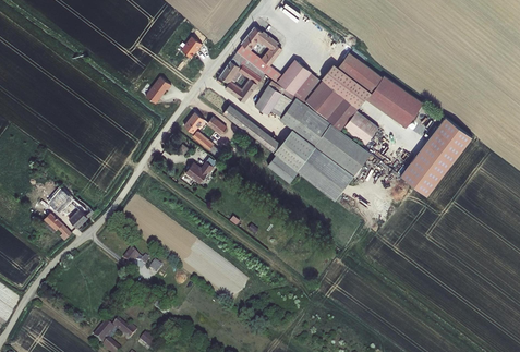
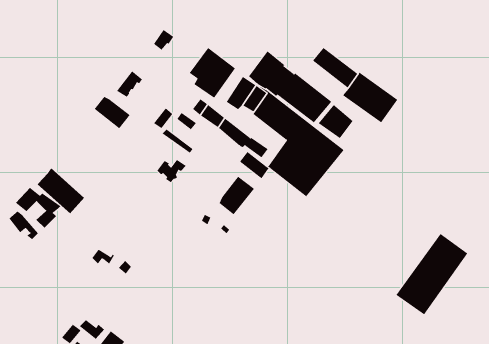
building: [234,26,281,73] -> none
building: [322,63,372,106] -> none
building: none -> [94,96,130,129]
building: [400,119,471,198] -> [395,233,468,315]
building: none -> [36,168,85,214]
building: none -> [219,176,255,215]

